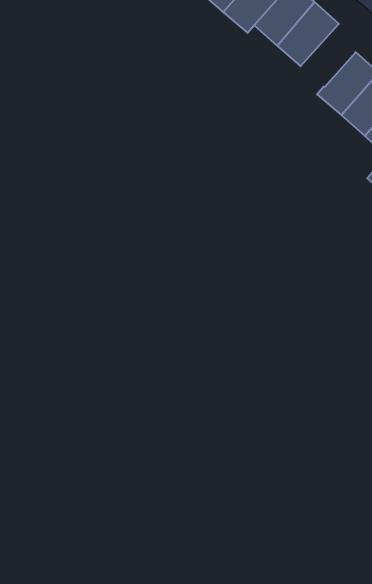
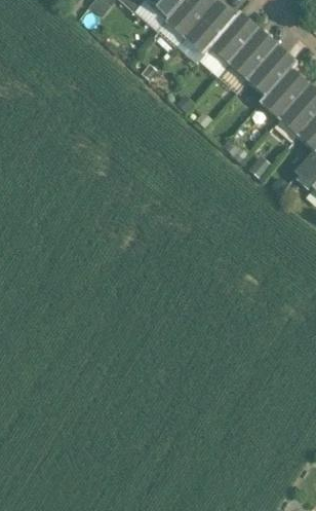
building: none -> [247,46,297,97]

